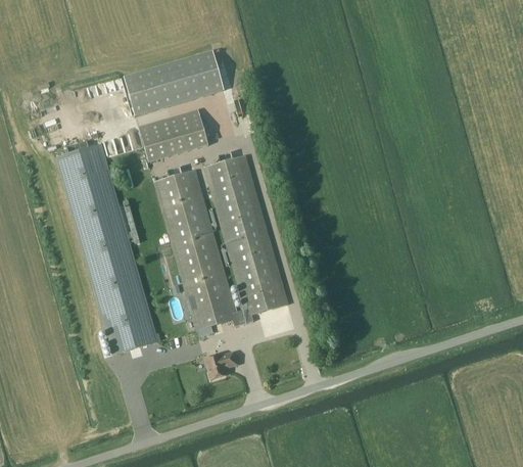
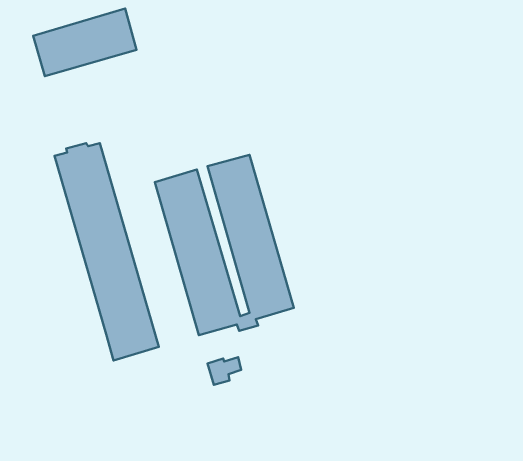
building: [124,49,224,114] -> [33,9,137,76]
building: [138,108,208,160] -> none

